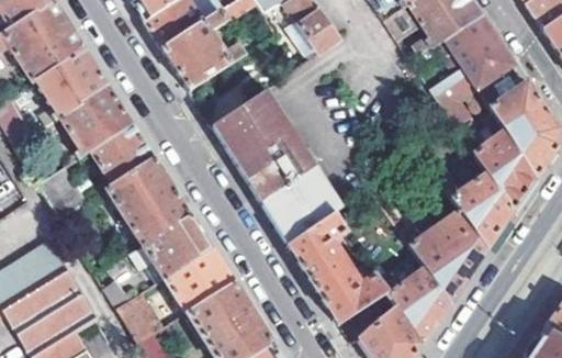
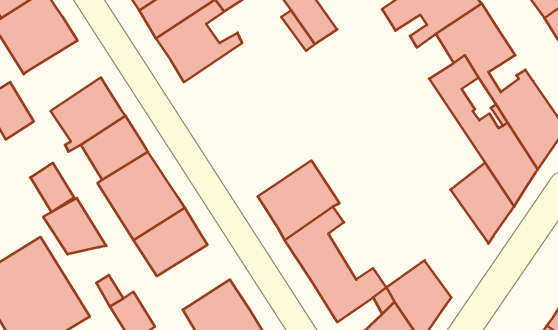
building: [35,48,109,121] -> none
building: [212,89,315,201] -> none
building: none -> [43,198,106,254]
building: [412,206,488,300] -> none
building: [164,248,235,314] -> none

